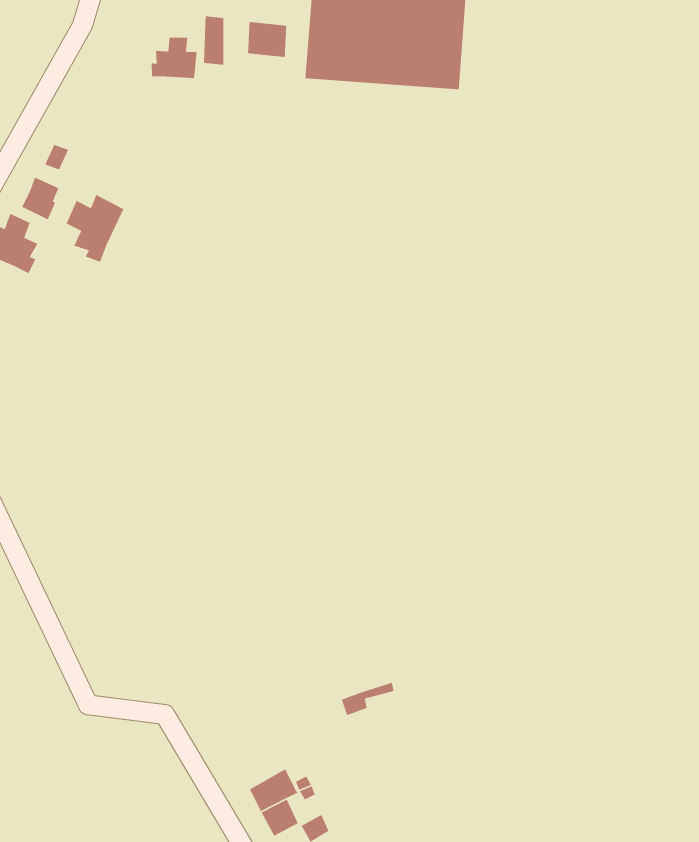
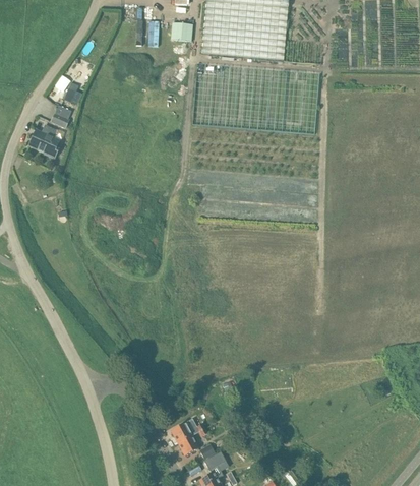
building: [151,37,198,79] -> none
building: [66,194,124,263] -> none

